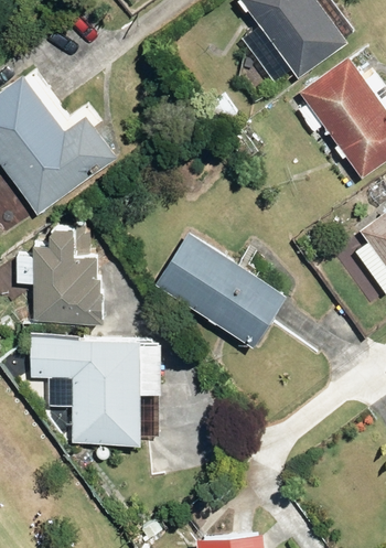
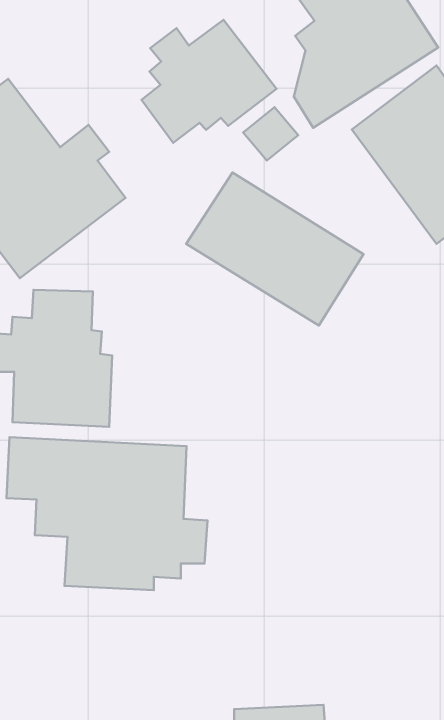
building: none -> [141,20,277,143]
building: [153,234,285,347] -> [186,172,363,326]

